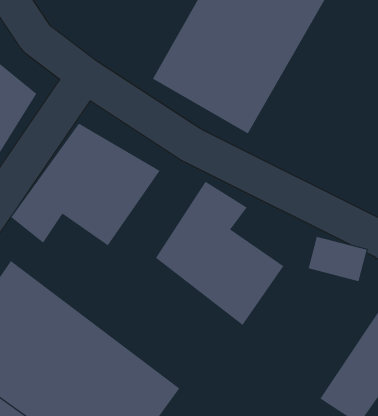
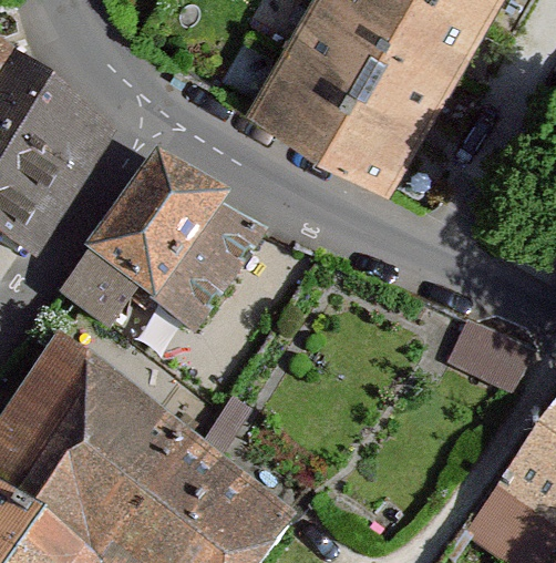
building: [155,181,284,326] -> none

